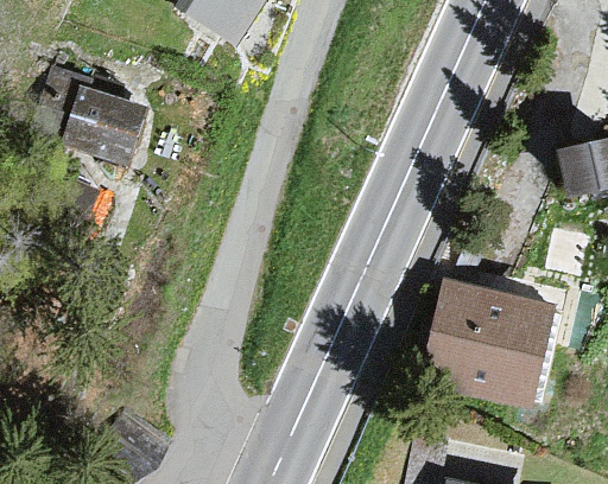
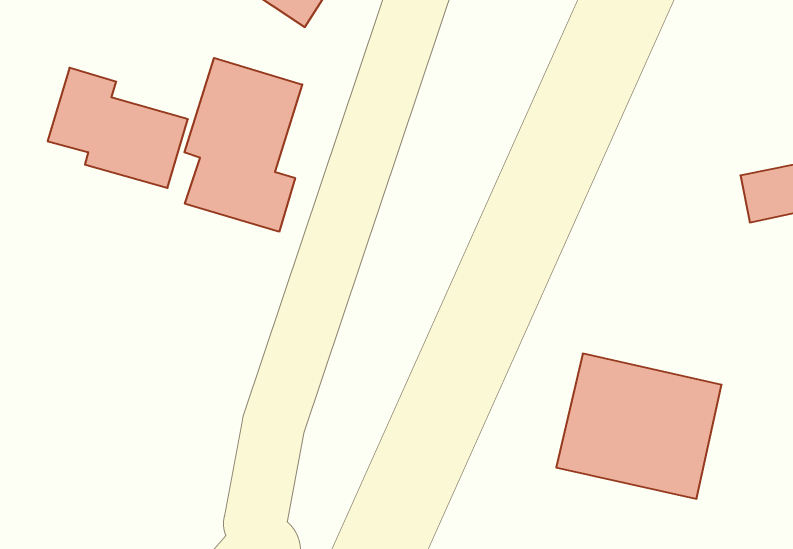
building: none -> [184,58,302,232]

